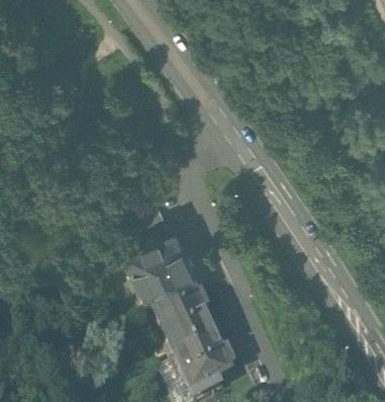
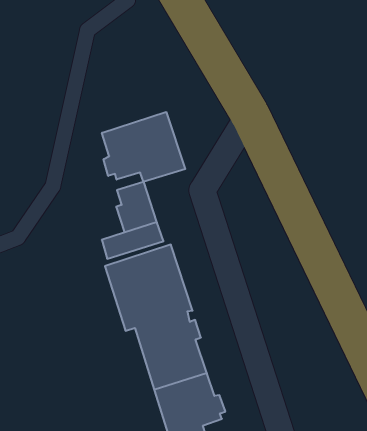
building: none -> [102,112,185,182]

